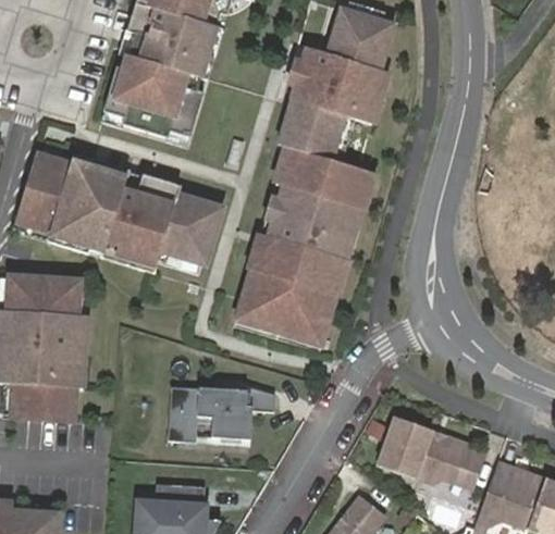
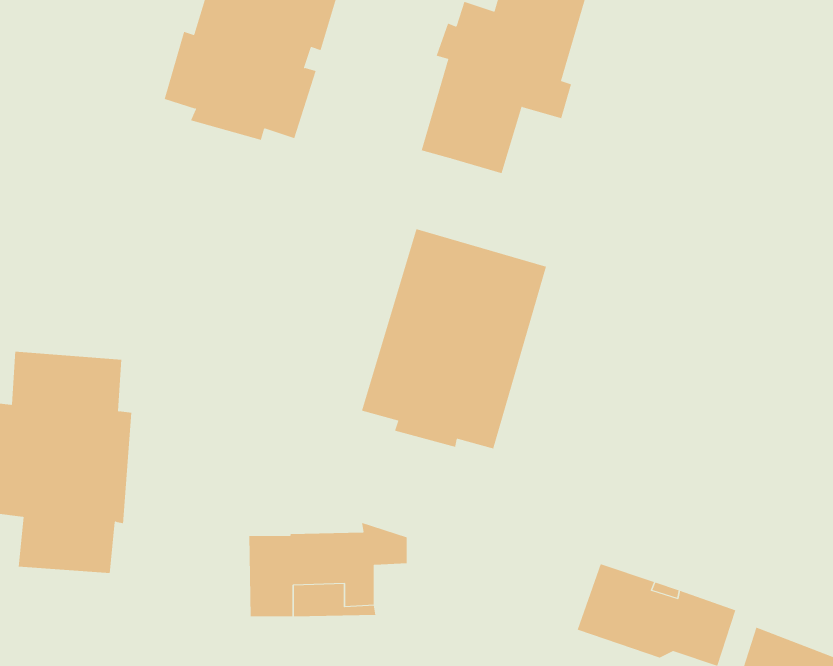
building: [273,149,369,220] -> none
building: [17,156,222,274] -> none

